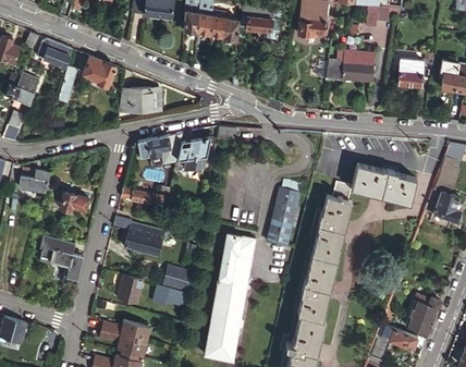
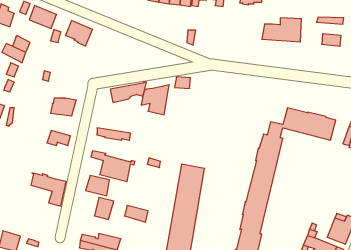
building: [119,90,151,112] -> none
building: [19,170,50,192] -> [51,98,76,116]
building: [265,189,299,247] -> none
building: [162,266,192,291] -> [86,175,109,196]

